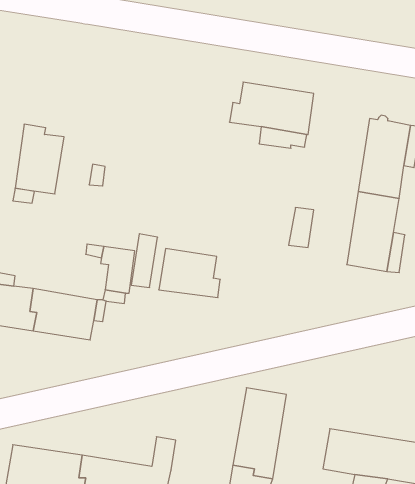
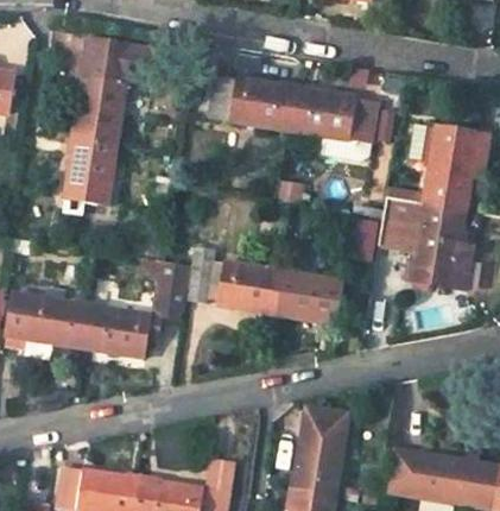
building: none -> [75,37,160,145]
building: none -> [208,74,303,130]
building: none -> [378,196,418,241]
building: none -> [272,270,343,323]

